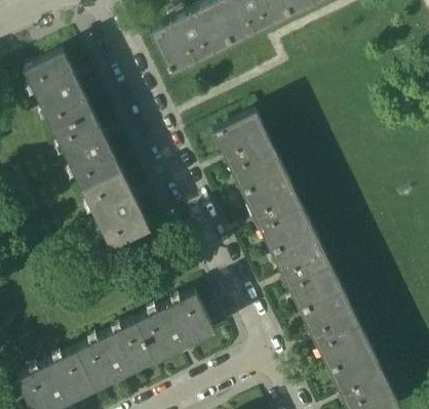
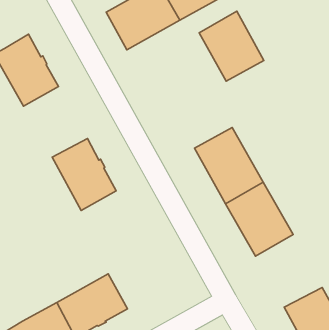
building: [53,111,122,189] -> none
building: [213,111,283,188] -> [199,11,264,81]
building: [301,289,373,369] -> none
building: [136,292,215,361] -> none

